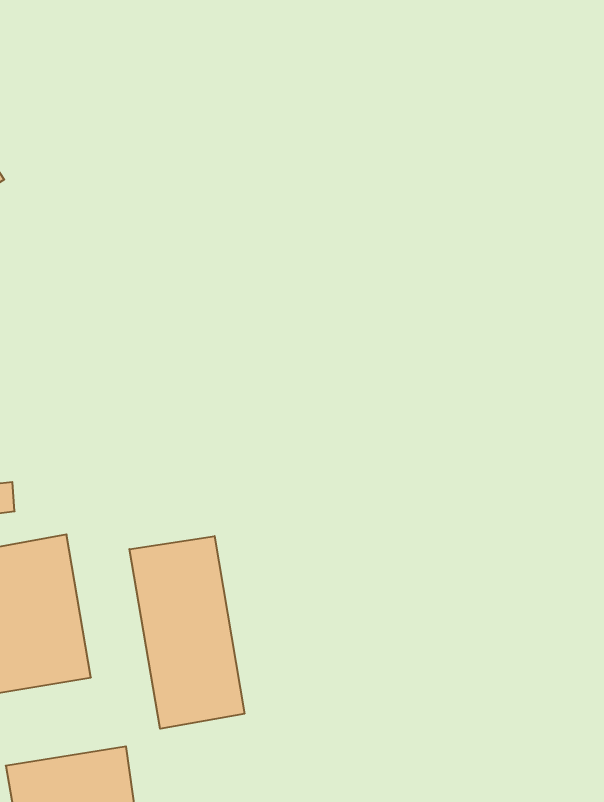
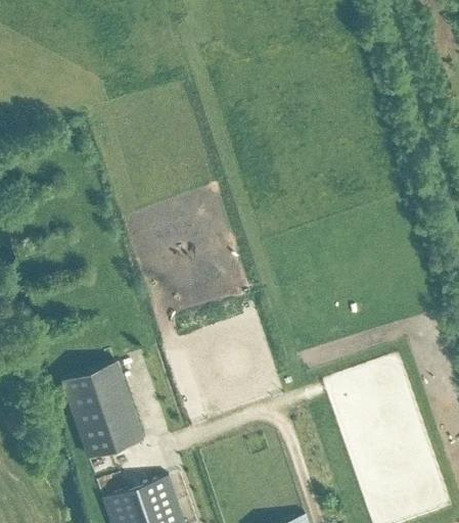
building: [129,536,244,729] -> none

